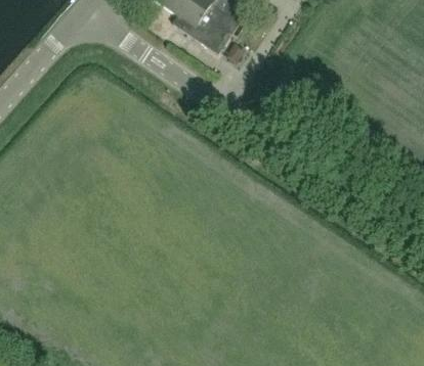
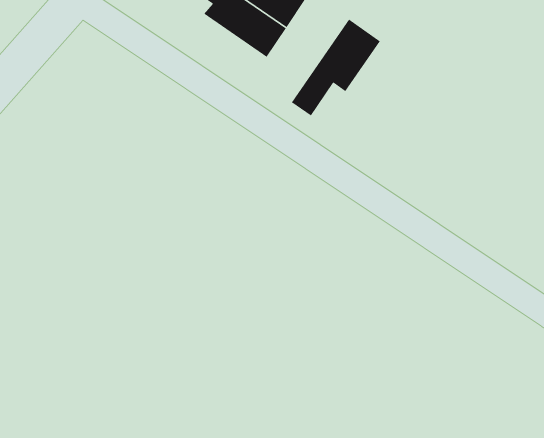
building: none -> [291,18,381,116]

